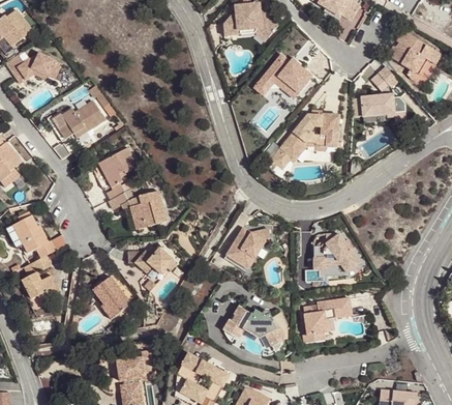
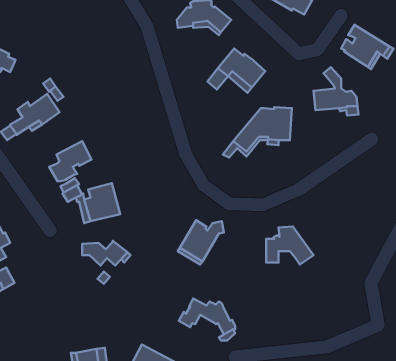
building: [92,276,130,318] -> none
building: [302,298,349,343] -> none

